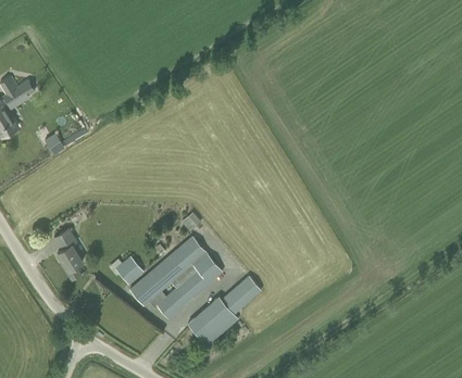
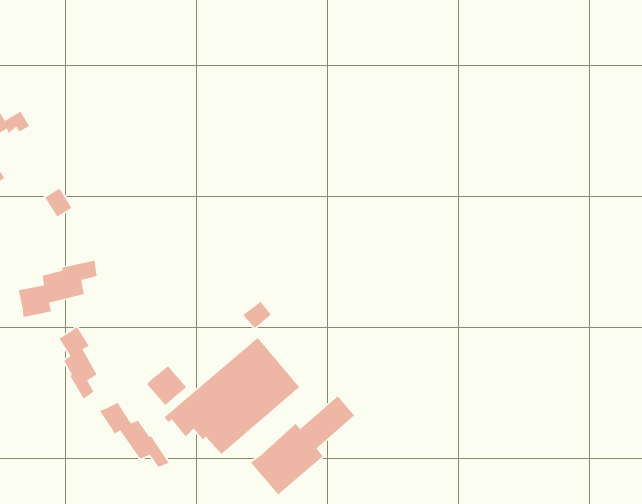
building: none -> [18,260,97,318]
building: none -> [99,402,170,468]

